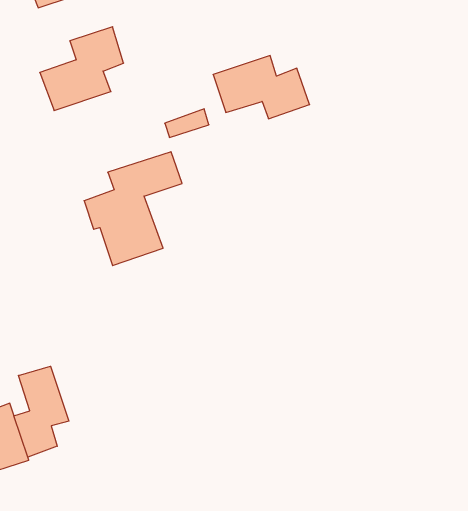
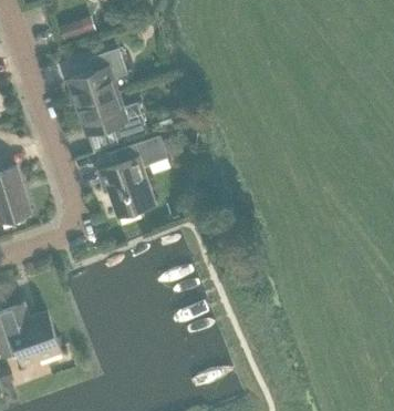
building: [213,56,310,119] -> [77,94,145,138]
building: [14,366,69,457] -> none

